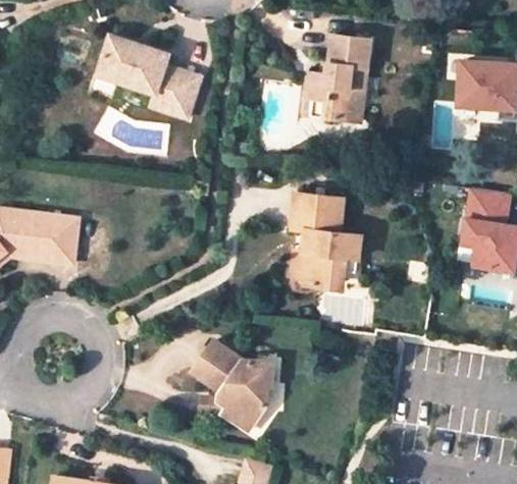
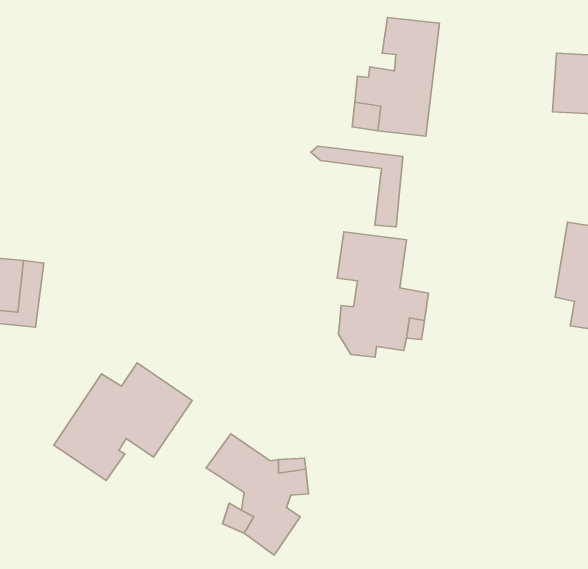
building: [98,33,199,111] -> none
building: none -> [311,146,403,227]
building: none -> [54,363,192,481]

